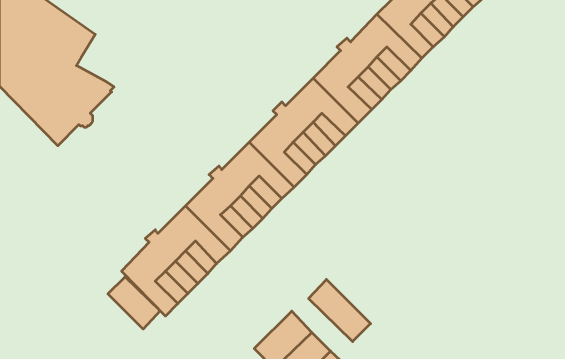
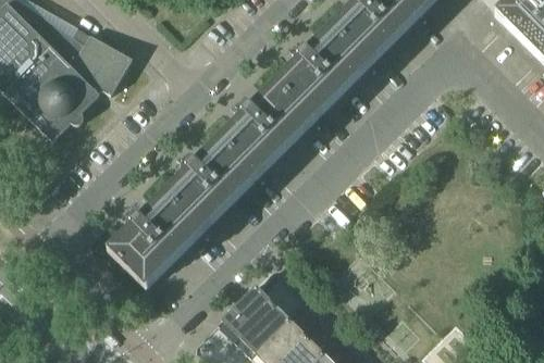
building: none -> [67,35,131,96]
building: [108,277,160,329] -> none
building: [309,279,371,342] -> none

